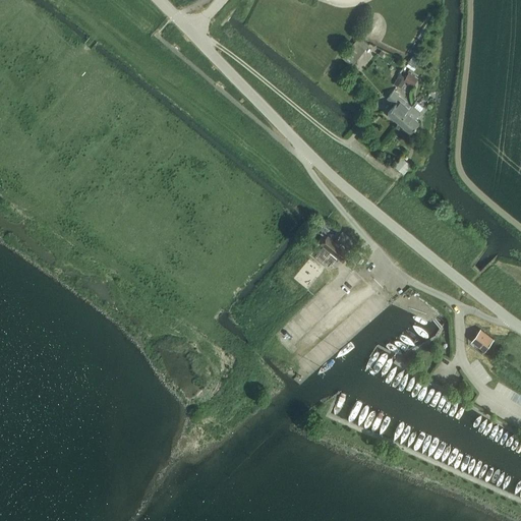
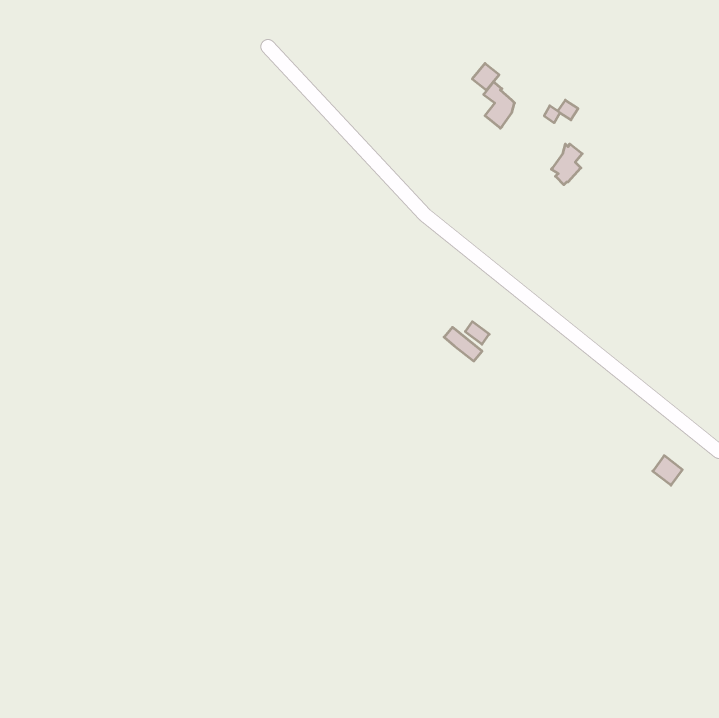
building: [386,91,408,124] -> [484,82,515,128]

